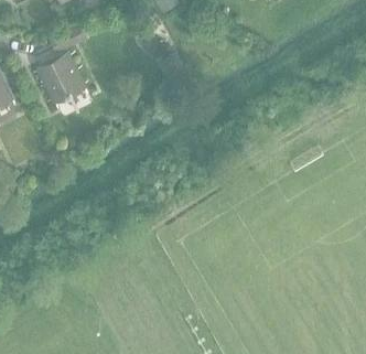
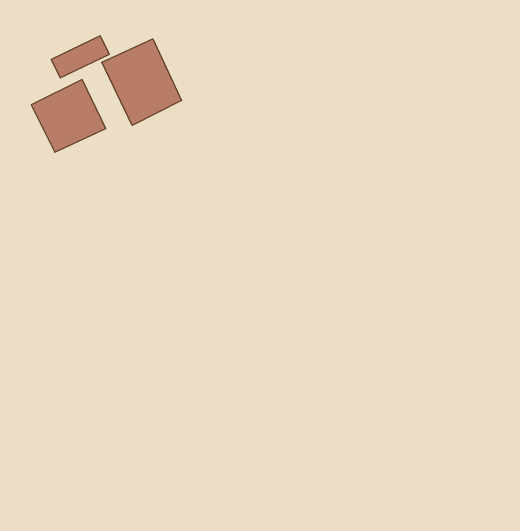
building: none -> [102,39,182,125]

